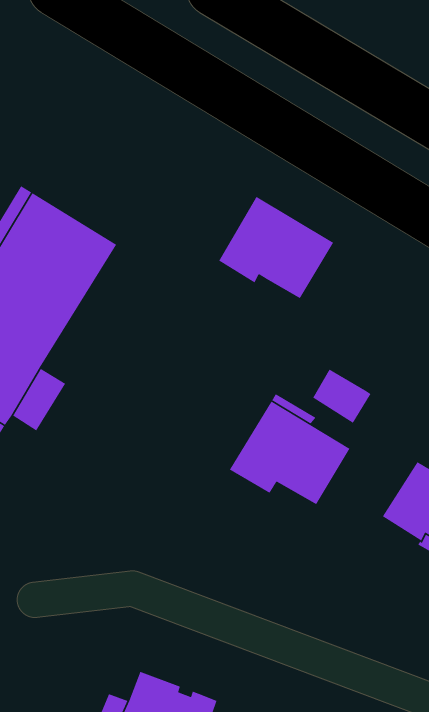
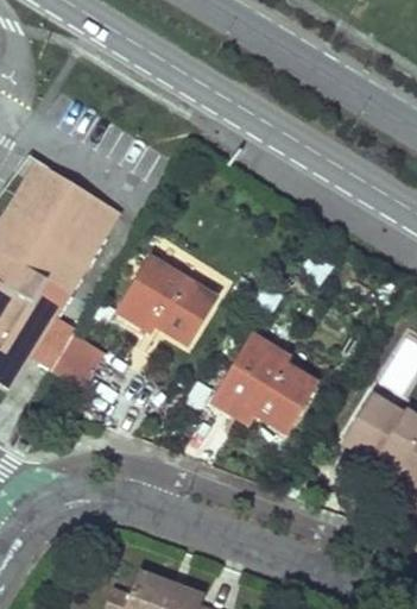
building: [218,196,334,299] -> [118,256,215,343]
building: [312,368,372,424] -> none
building: none -> [51,333,103,387]

